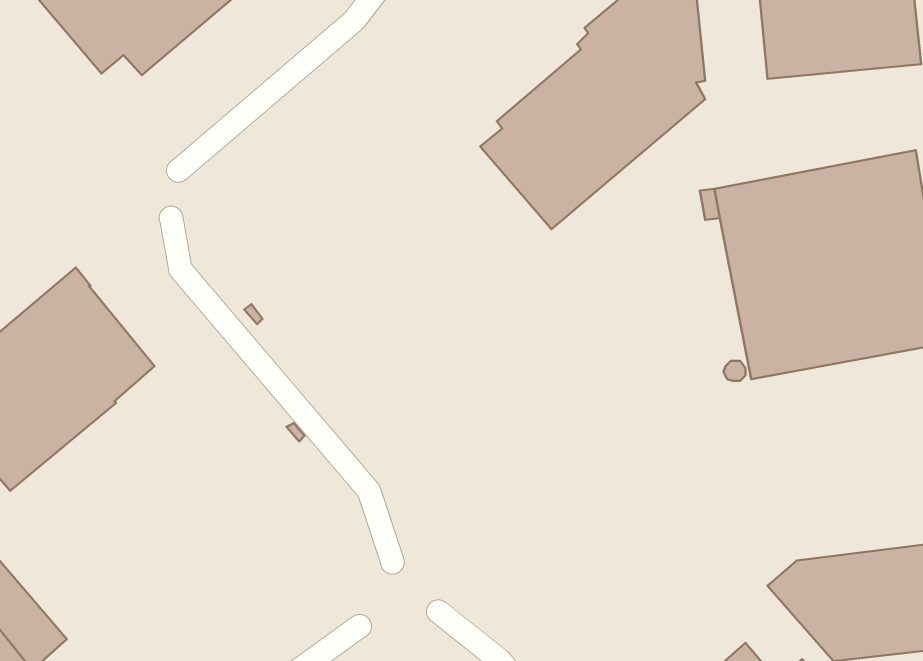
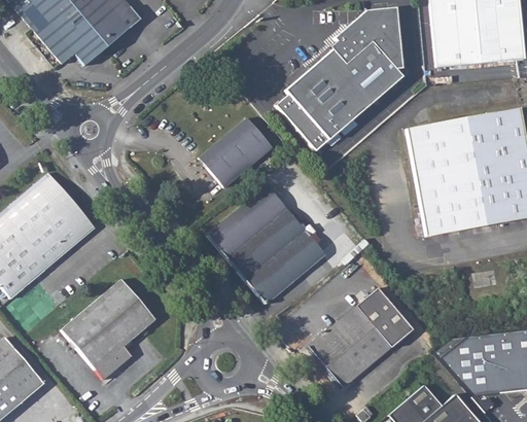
building: none -> [200,117,272,187]
building: none -> [208,185,325,304]
building: none -> [62,279,155,379]
building: none -> [309,288,412,387]

